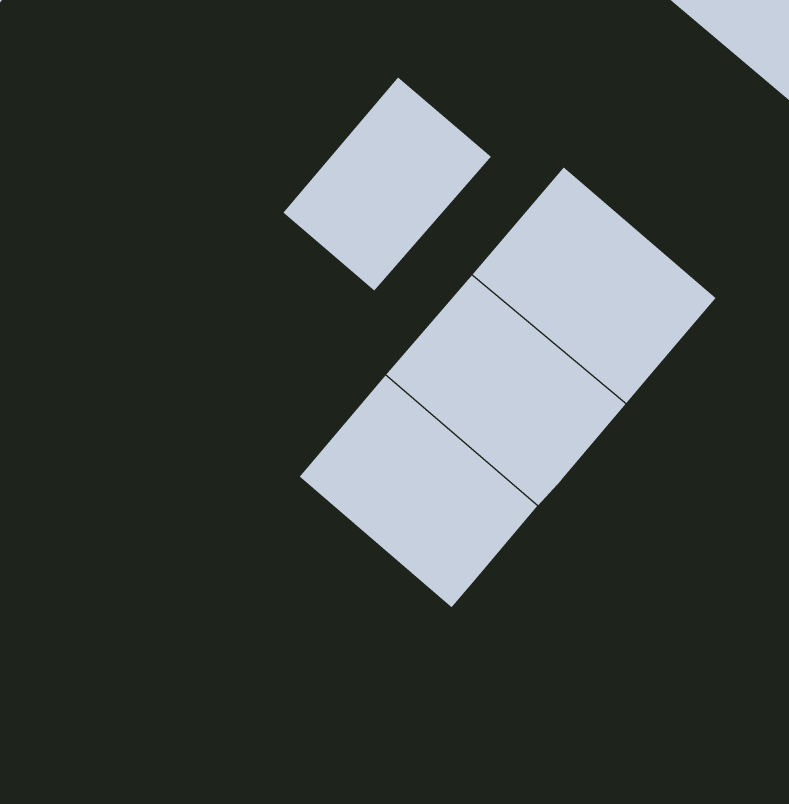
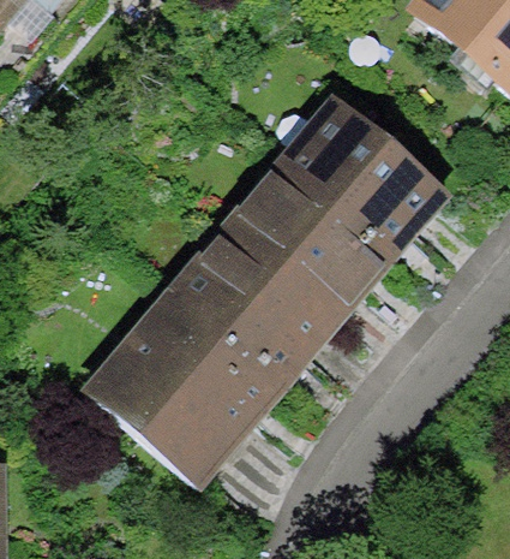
building: [283,76,492,291] -> none
building: none -> [89,301,282,481]

